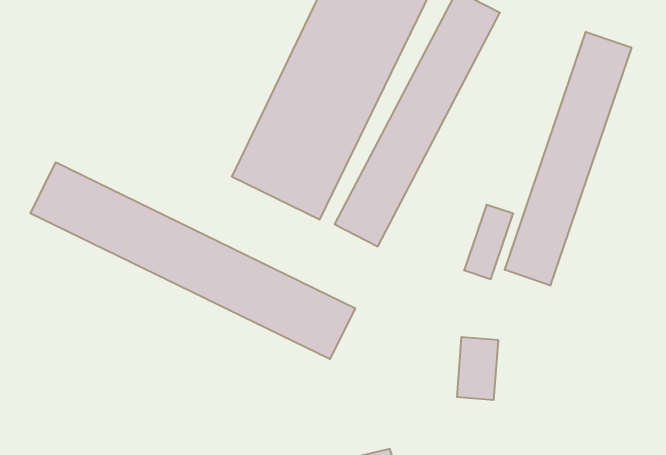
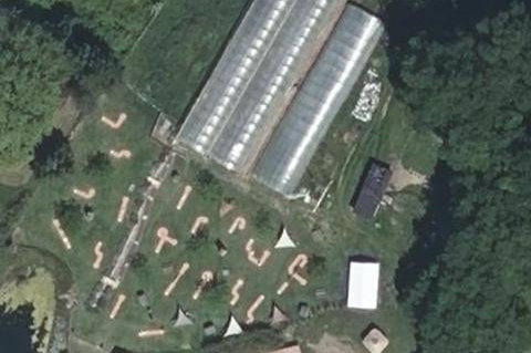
building: [505,32,631,286] -> none
building: [31,162,355,359] -> none

